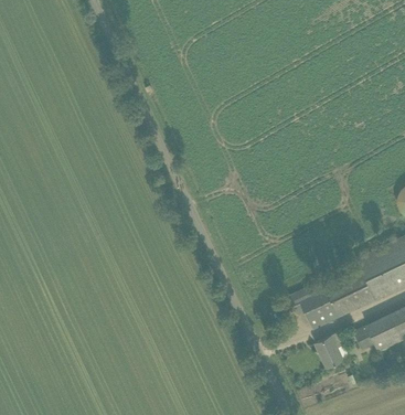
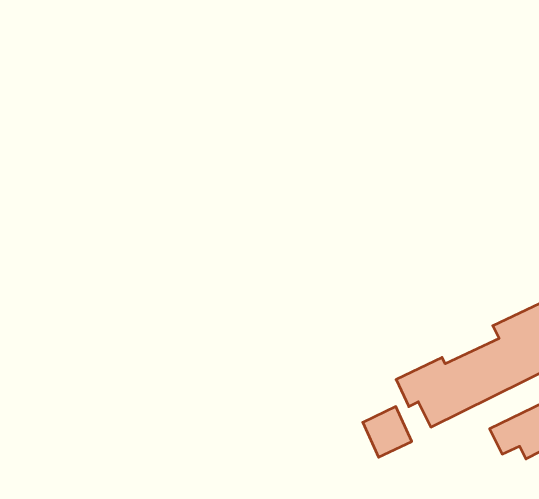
building: [316,332,350,368] -> [363,407,412,457]

